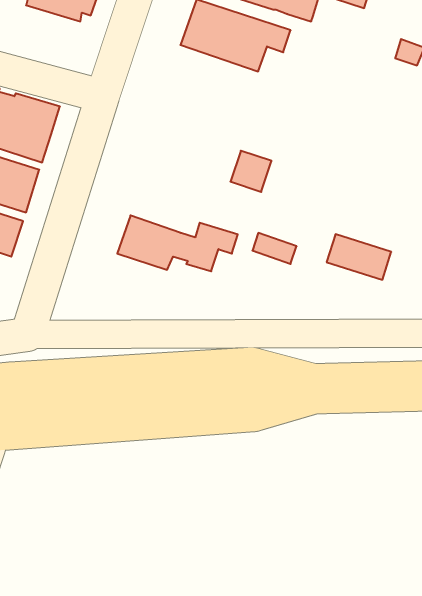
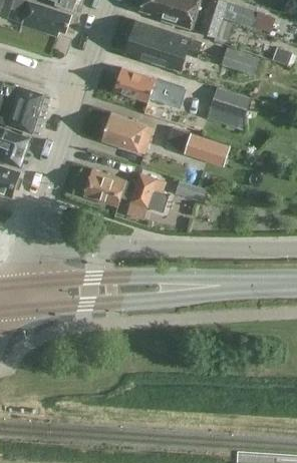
building: none -> [220,48,258,75]
building: none -> [113,67,183,104]
building: none -> [209,87,251,120]
building: none -> [100,113,153,153]
building: [327,234,391,280] -> [185,134,229,165]

